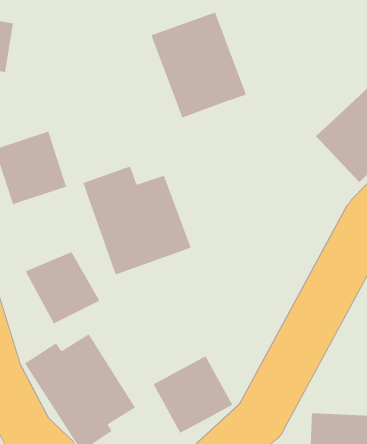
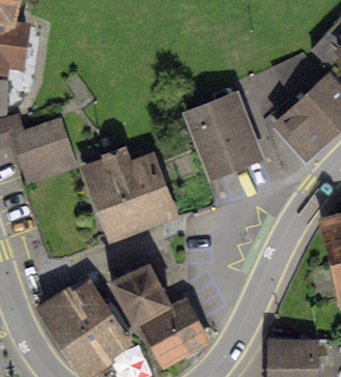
building: [151,12,247,118] -> [184,96,261,181]
building: [25,252,100,324] -> [110,264,170,322]

